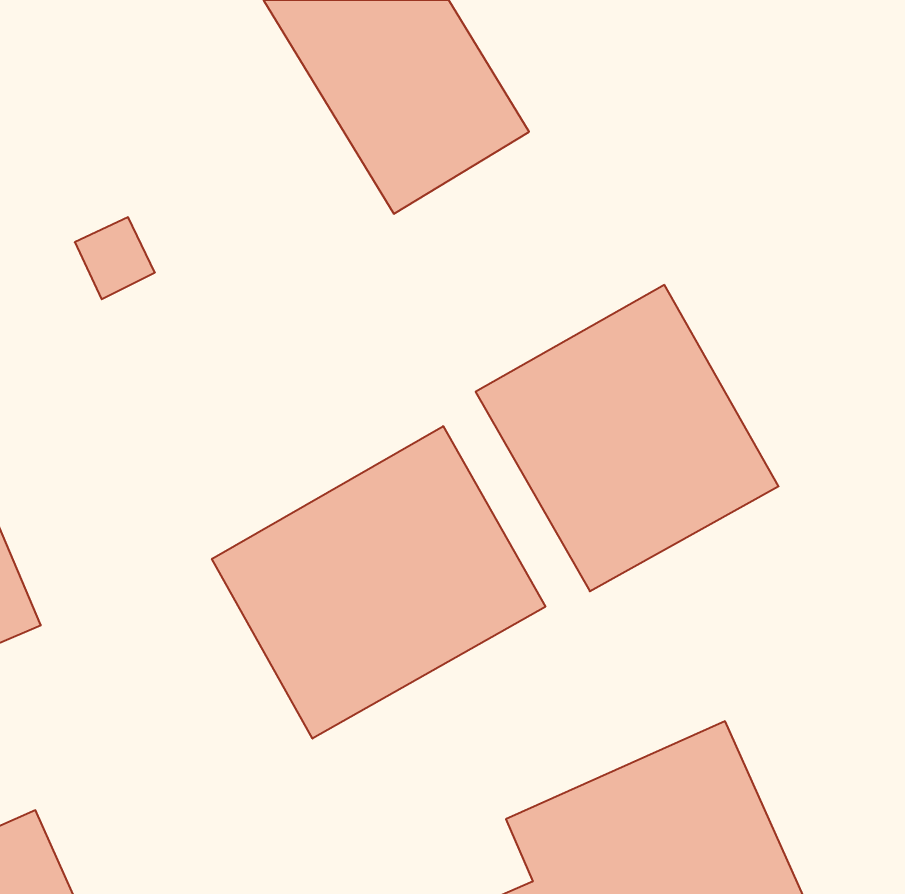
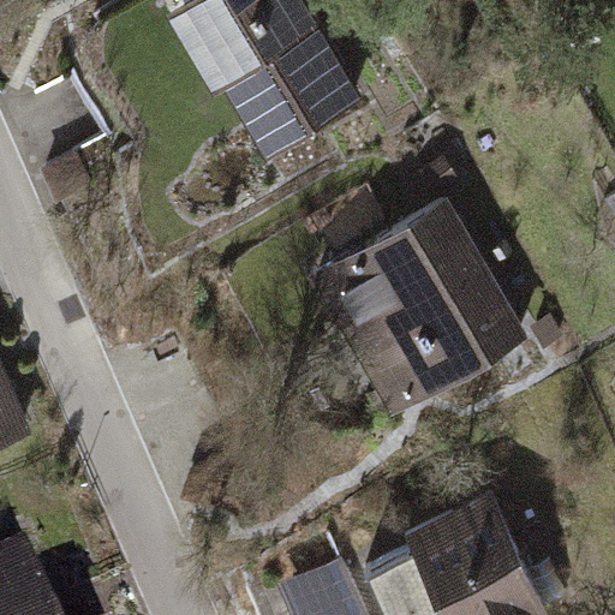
building: [212,426,545,739] -> none

